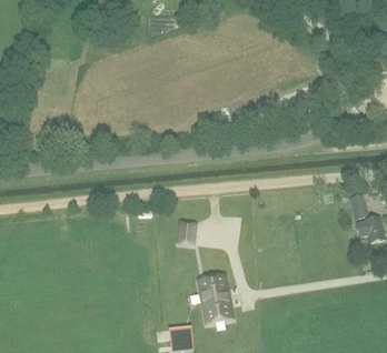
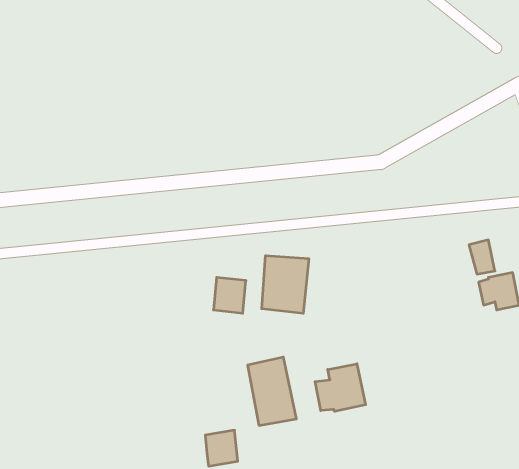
building: none -> [262,256,309,313]
building: none -> [315,364,366,411]

